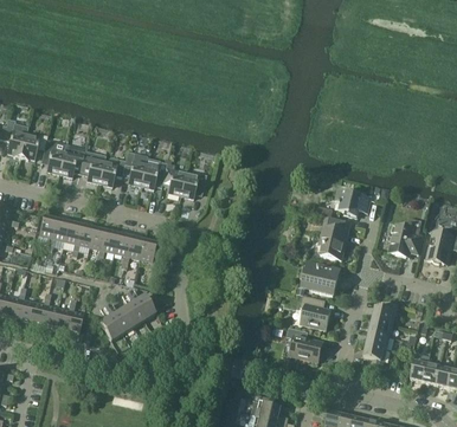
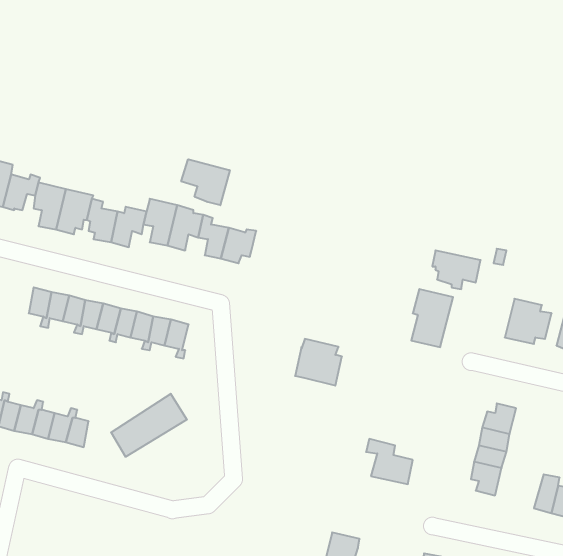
building: none -> [181,159,230,205]
building: [303,261,337,296] -> [295,339,342,386]
building: [301,296,329,329] -> none

